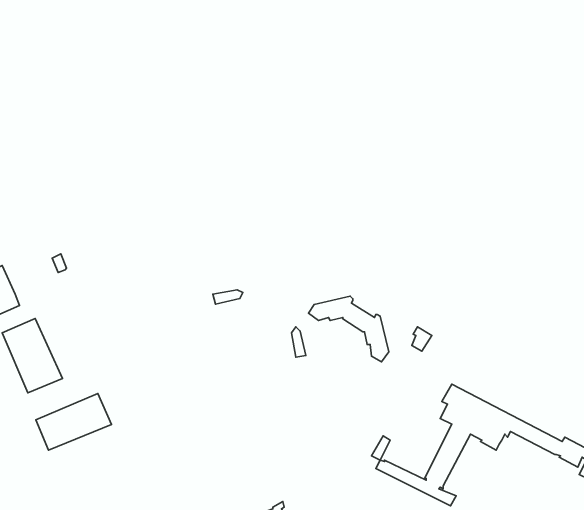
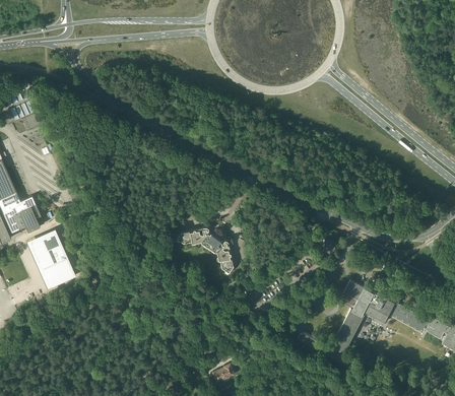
building: [309,296,389,362] -> [176,226,233,273]
building: [36,393,111,450] -> none

